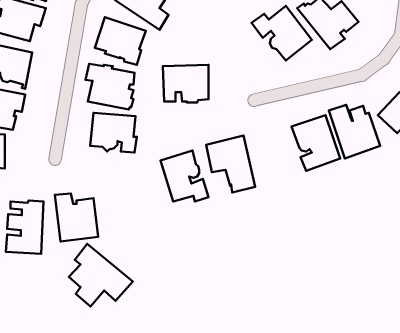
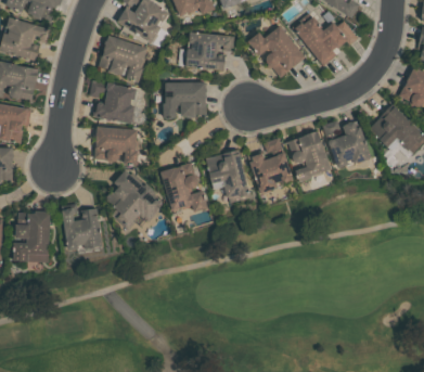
building: none -> [185,31,234,70]
building: none -> [246,137,295,193]
building: [69,244,133,306] -> [107,167,168,227]

